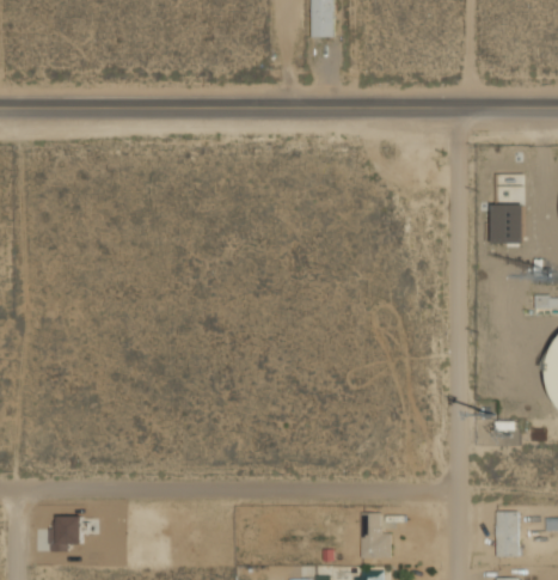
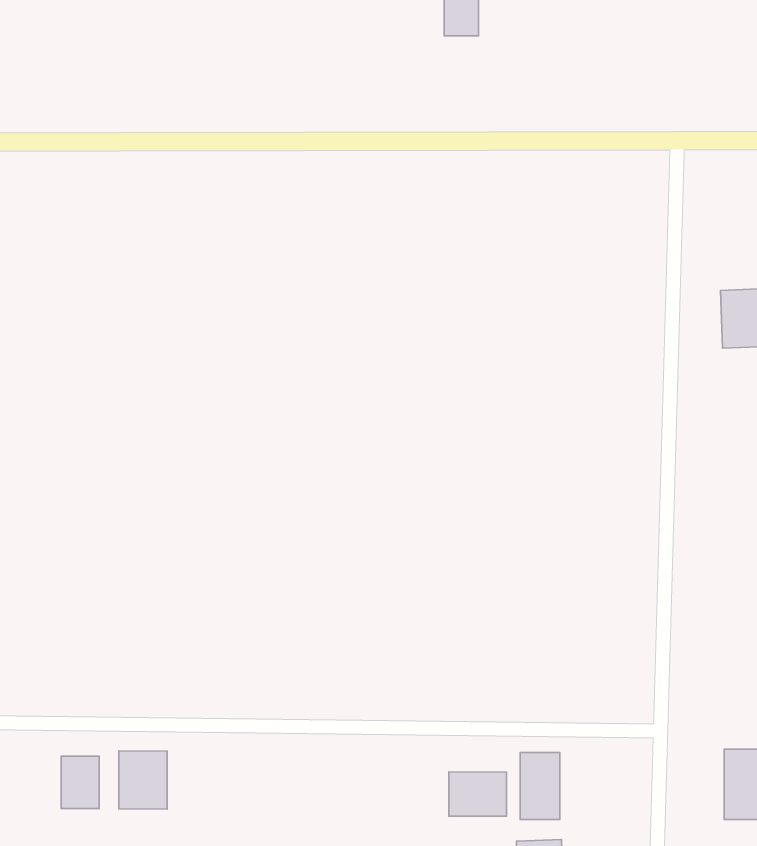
building: none -> [119,751,167,809]
building: none -> [449,772,506,816]

